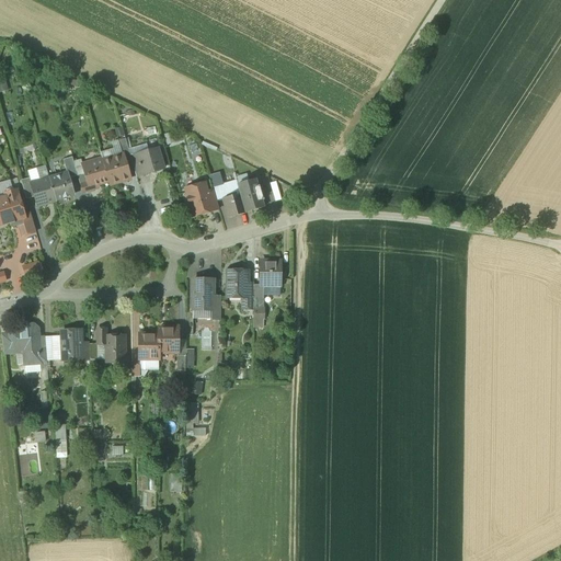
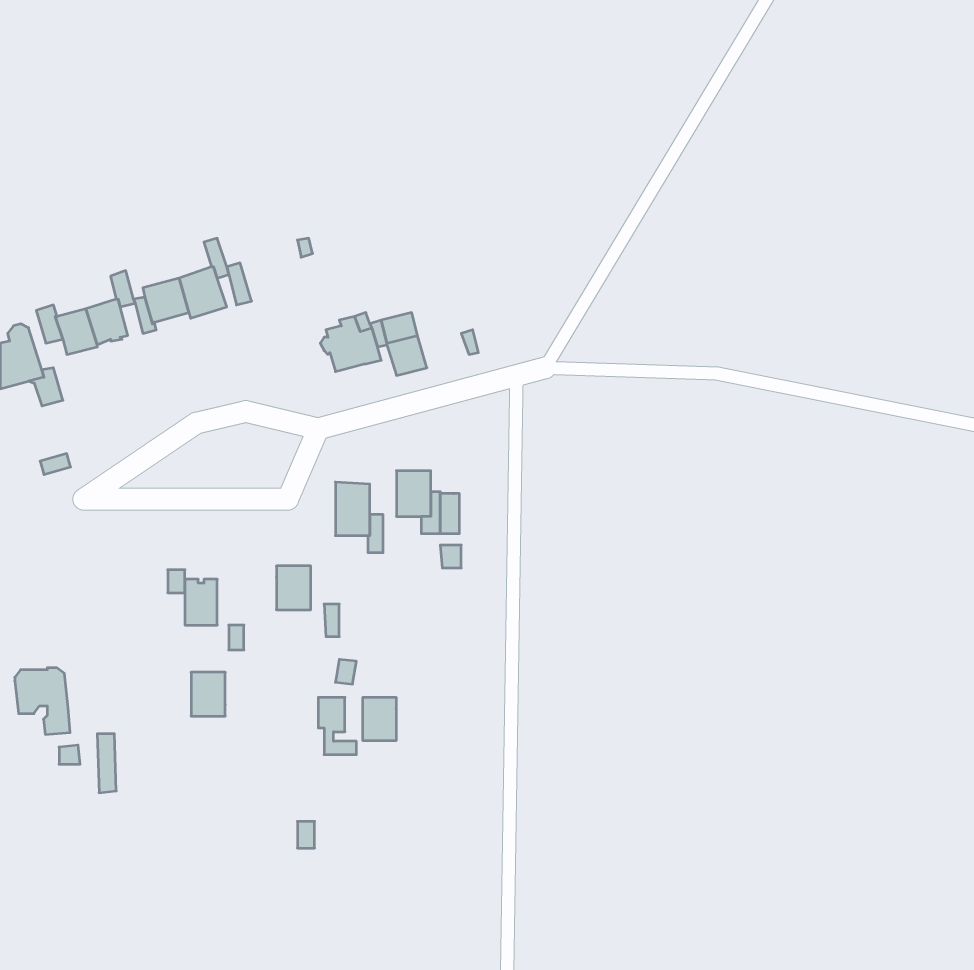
building: [138,146,163,173] -> none
building: [237,178,263,211] -> none
building: [261,260,280,284] -> none
building: [9,324,41,363] -> [15,668,70,734]
building: [61,328,82,360] -> none
building: [139,332,159,357] -> [191,672,225,716]
building: none -> [363,697,396,741]

